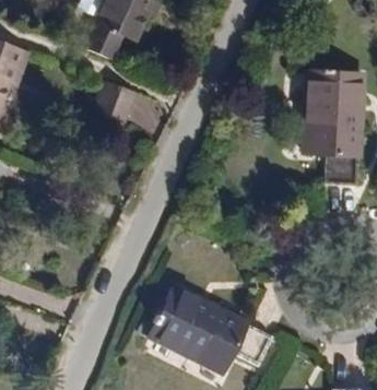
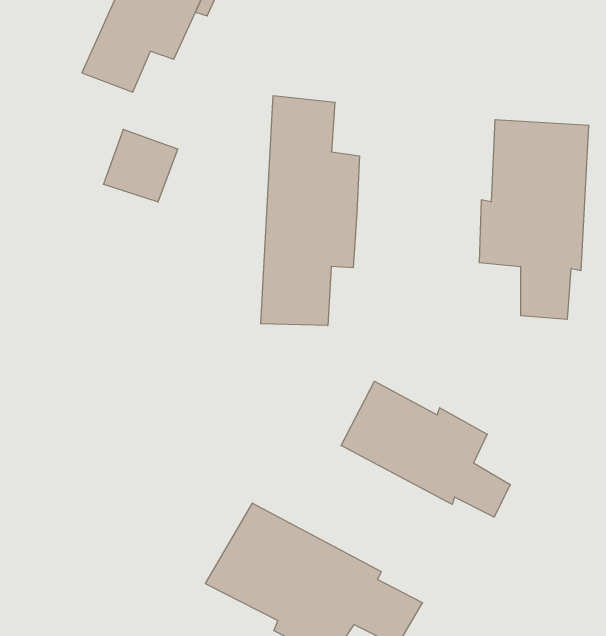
building: none -> [261,96,359,326]
building: none -> [341,381,510,517]

